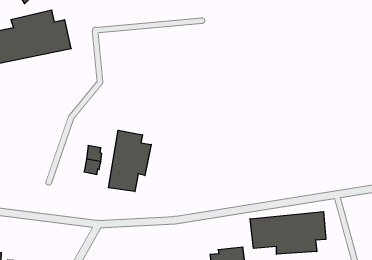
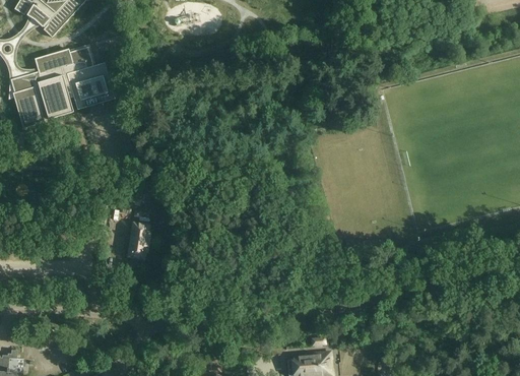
building: [108,130,151,192] -> none
building: [250,212,326,254] -> none

